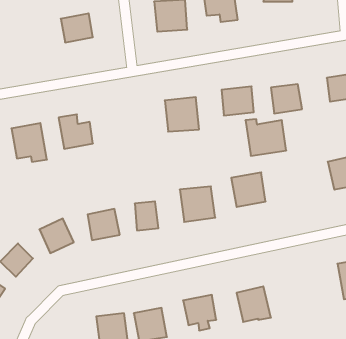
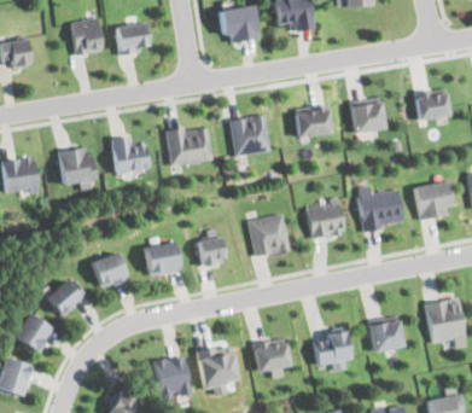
building: none -> [70,18,101,54]
building: none -> [168,124,214,165]
building: [245,119,286,156] -> [359,190,404,231]
building: none -> [368,315,404,351]

